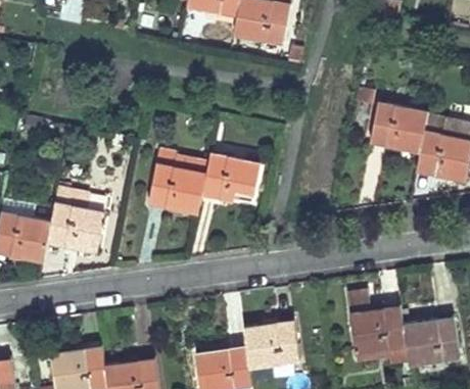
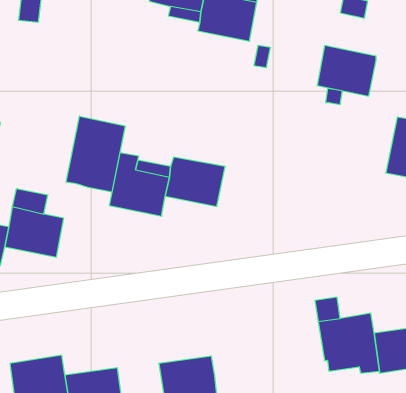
building: [370,102,427,151] -> [317,46,376,96]
building: none -> [66,116,125,192]
building: [244,321,300,368] -> none

